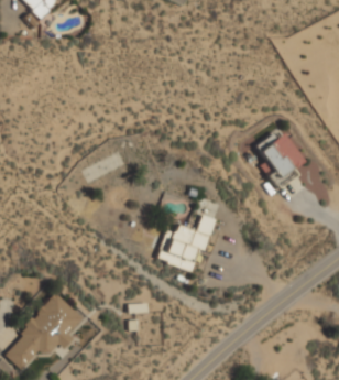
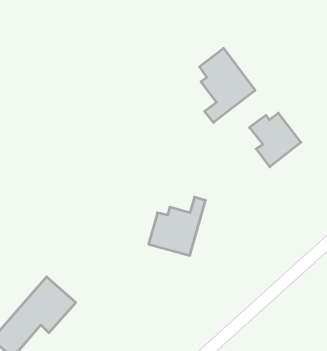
building: none -> [200,48,255,123]

